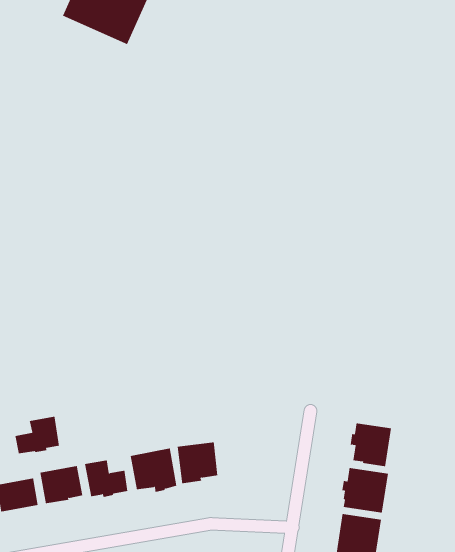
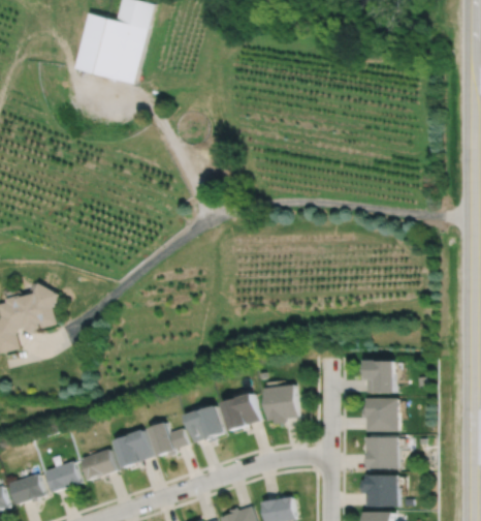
building: [15,416,60,454] -> none
building: none -> [262,386,297,425]

